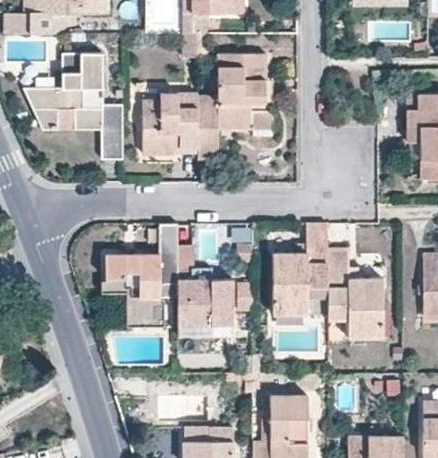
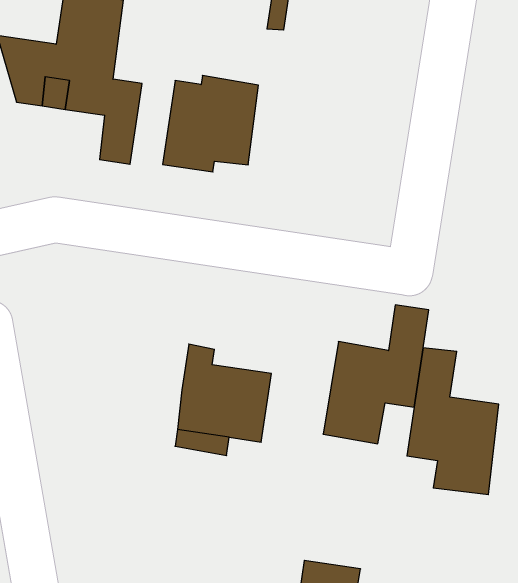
building: [196,54,273,160] -> none
building: [105,224,176,322] -> none

